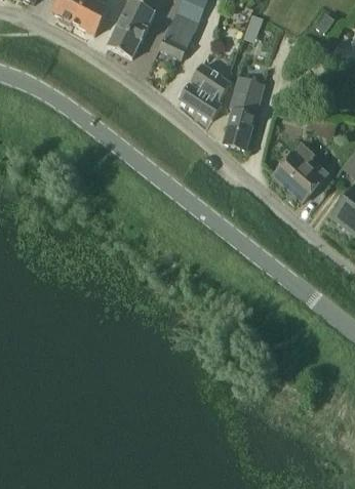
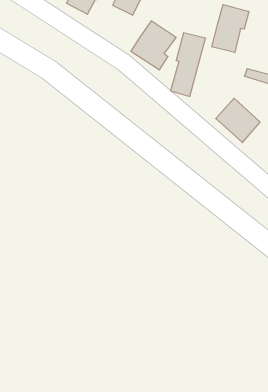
building: none -> [212,4,249,53]

